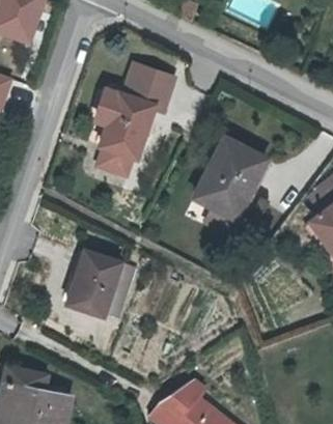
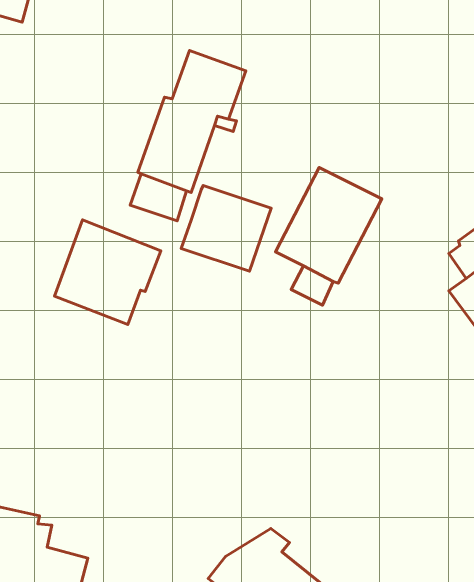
building: none -> [181,186,271,271]
building: [68,249,139,318] -> [54,220,161,324]

